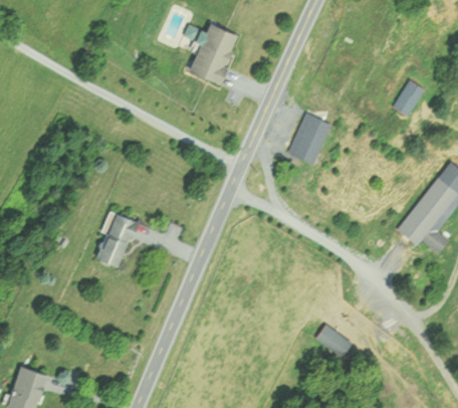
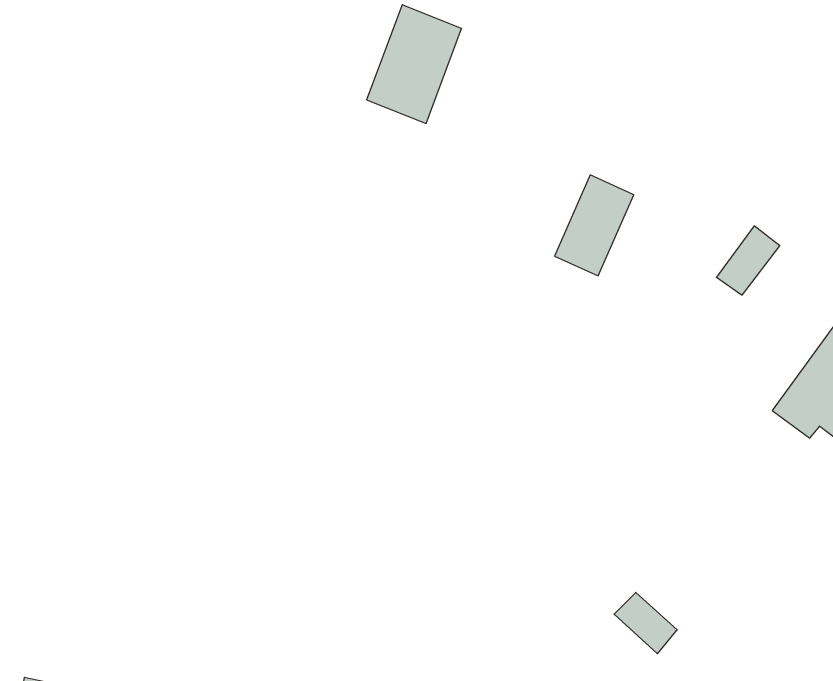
building: [392,80,424,116] -> [716,226,780,295]
building: [96,212,135,268] -> none

